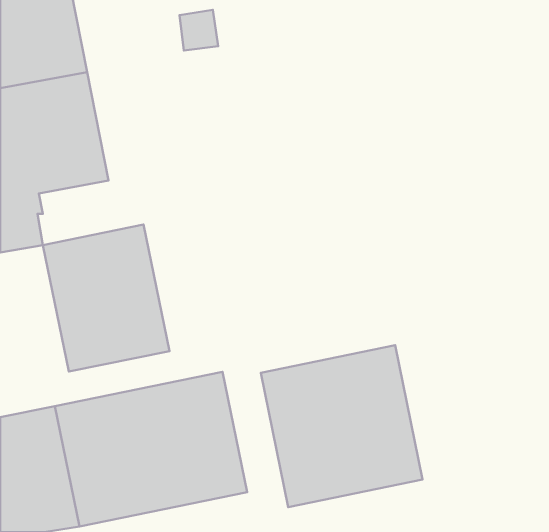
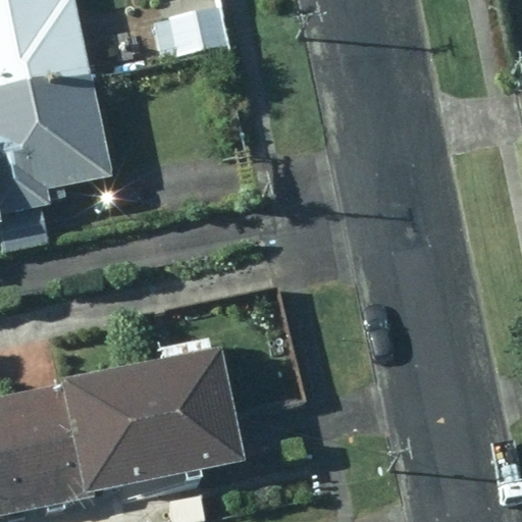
building: [43,224,169,372] -> none
building: [261,345,423,507] -> none

